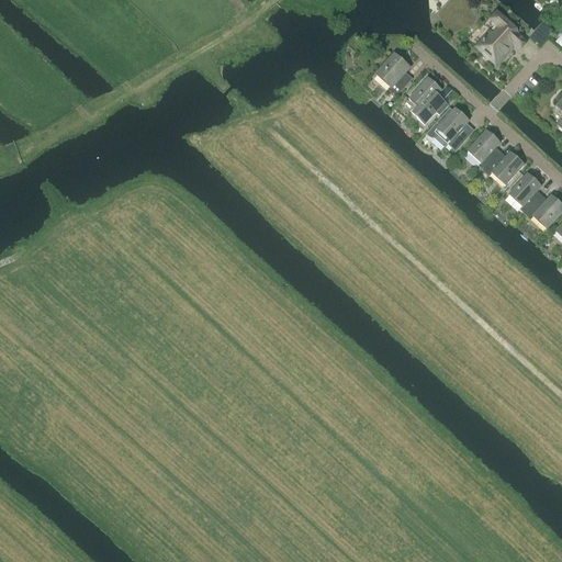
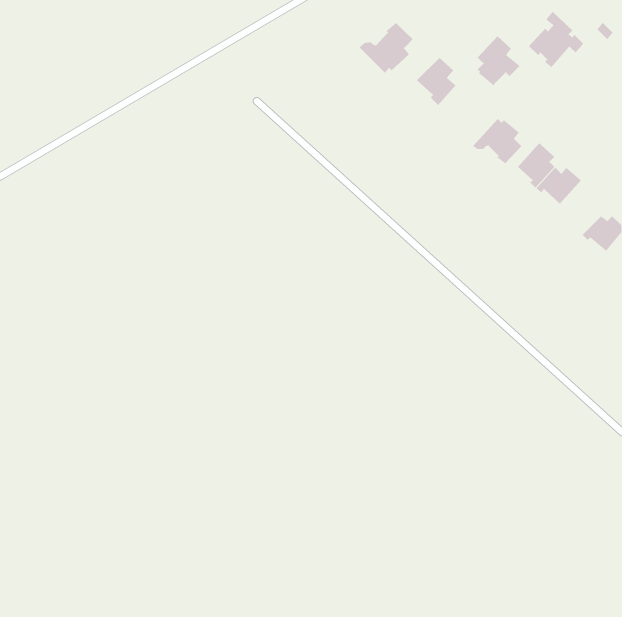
building: none -> [359,22,413,74]
building: [409,77,449,123] -> [477,35,520,87]
building: [509,172,542,212] -> none

